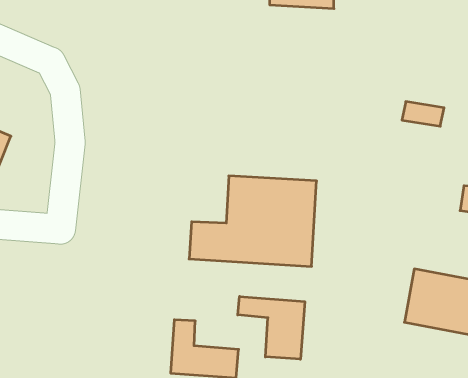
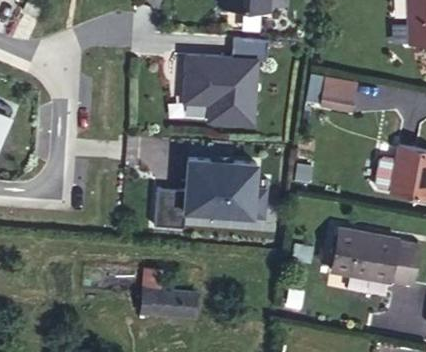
building: none -> [181,41,262,130]
building: [238,296,305,359] -> none

